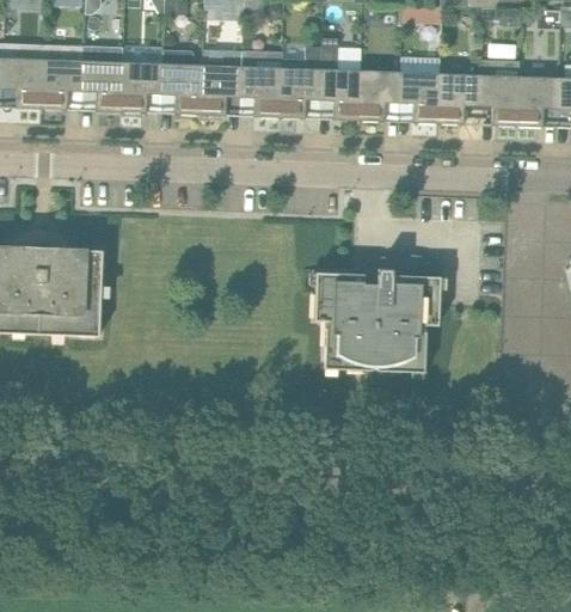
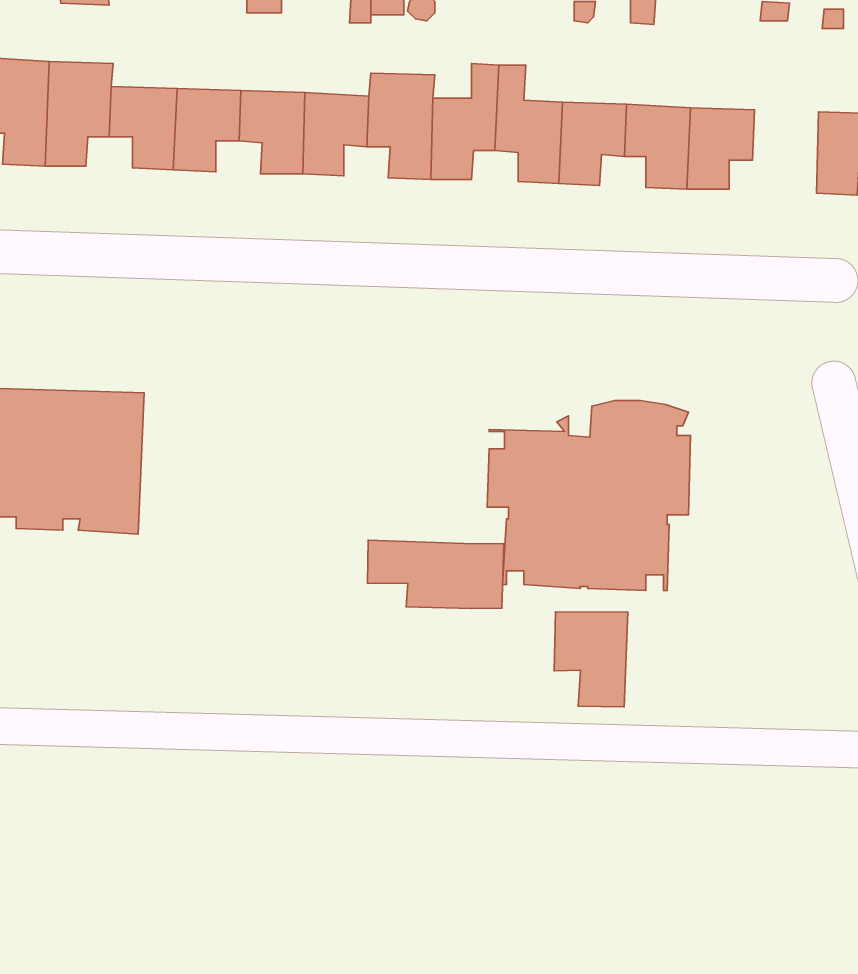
building: [478,59,520,126] -> none
building: none -> [367,540,504,608]
building: none -> [554,612,628,707]

